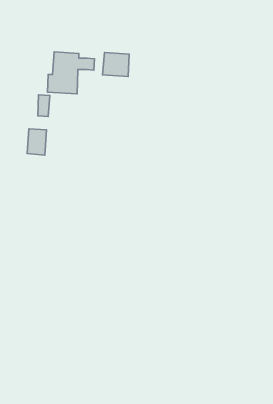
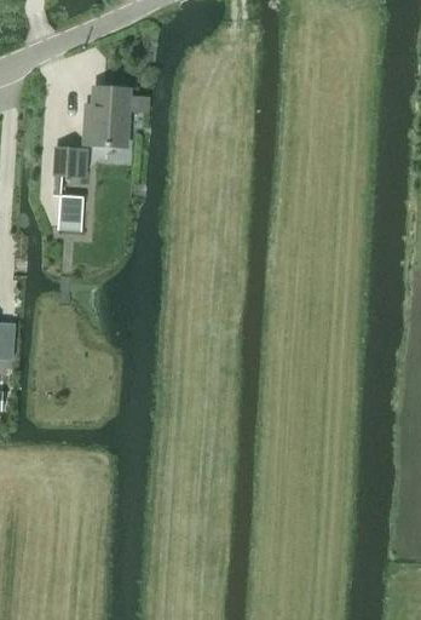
building: [103,52,129,77] -> none

